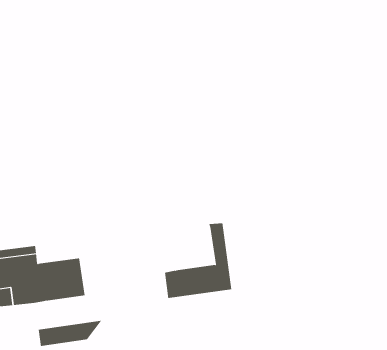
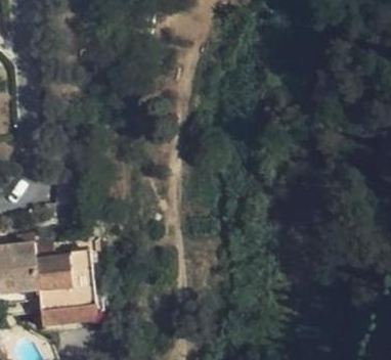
building: [164,223,232,299] -> [35,246,96,315]

